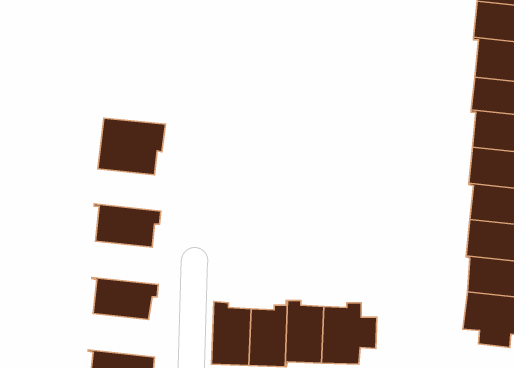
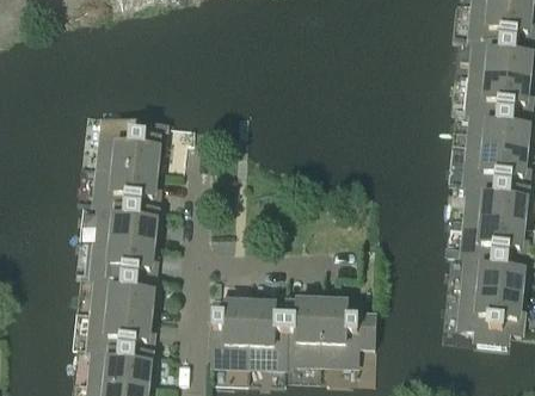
building: none -> [98,168,164,210]
building: none -> [96,240,161,283]
building: none -> [92,311,158,354]

